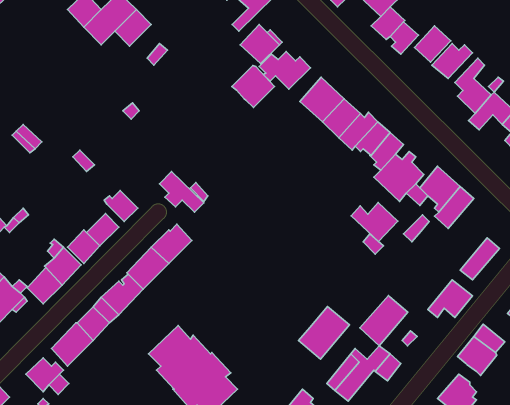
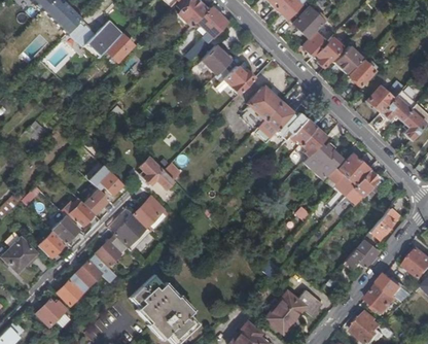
building: [232,66,275,108] -> none
building: [351,202,398,241] -> none
building: [360,296,408,346] -> none
building: [299,306,349,359] -> none

